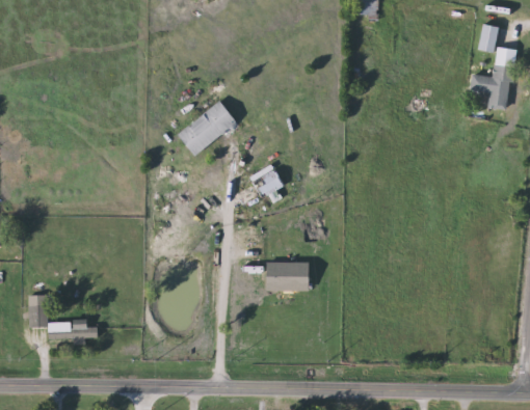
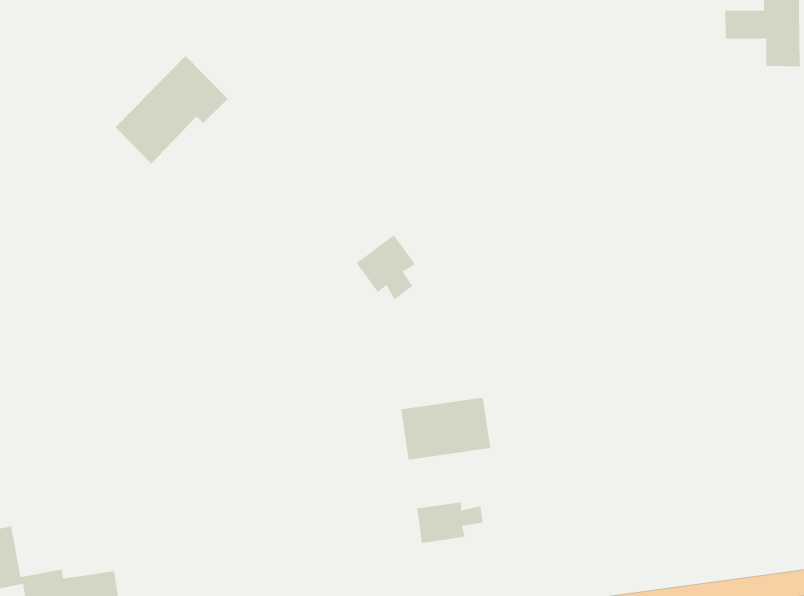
building: [178,100,241,156] -> [115,55,228,164]
building: none -> [417,501,483,544]

